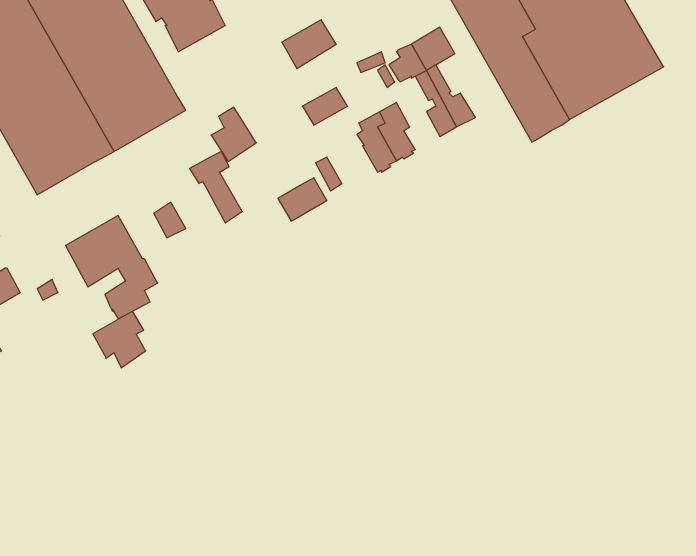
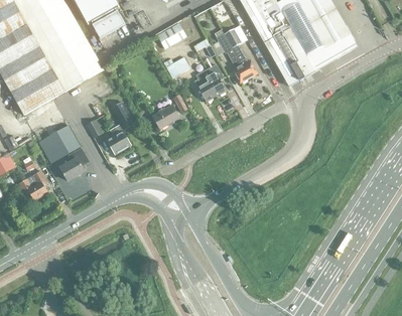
building: [211,107,256,162] -> [106,125,130,154]
building: [93,311,146,368] -> [18,170,46,200]

